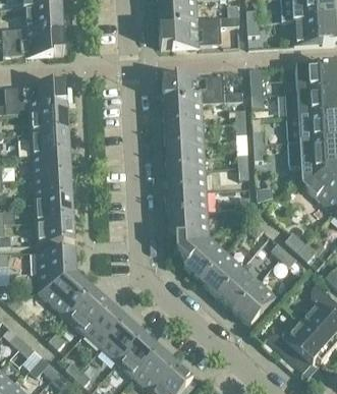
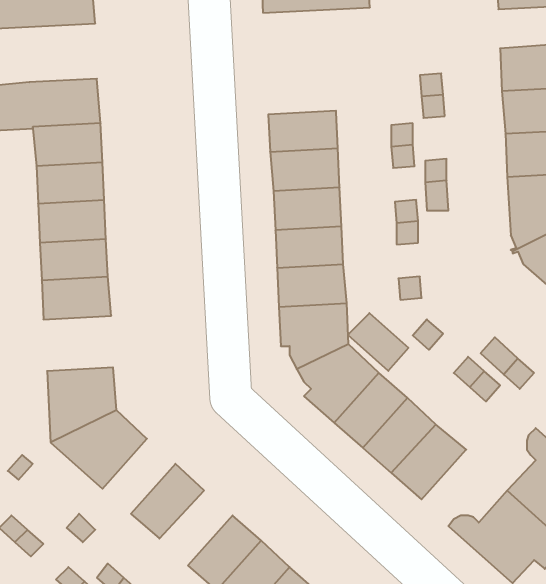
building: [162,76,242,105] -> none
building: none -> [348,313,408,371]
building: [35,220,74,244] -> none
building: [68,290,110,333] -> none
building: [101,320,143,362] -> none

